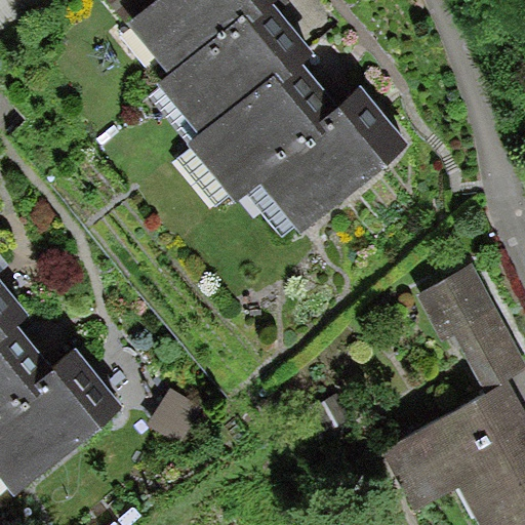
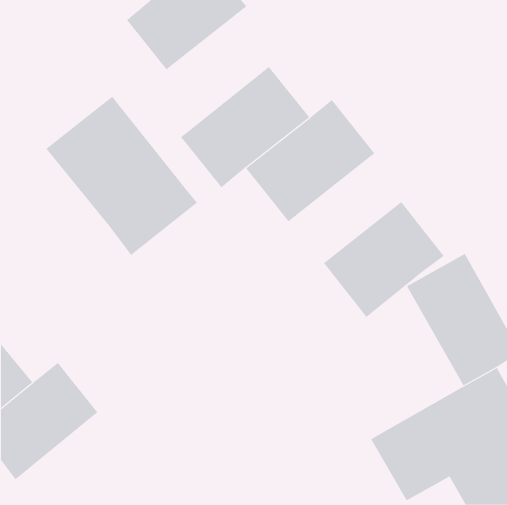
building: [159,14,286,133] -> none
building: none -> [46,96,198,256]
building: none -> [323,201,444,318]

